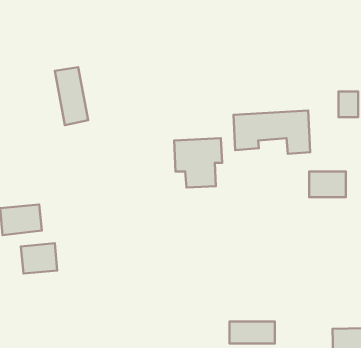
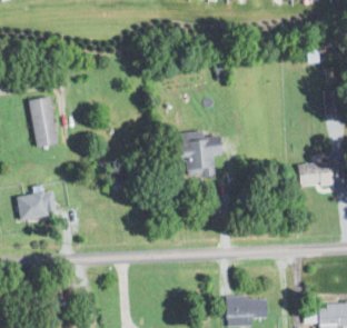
building: [55,67,88,125] -> [28,97,58,149]
building: [234,110,310,154] -> none
building: [21,243,57,274] -> none

